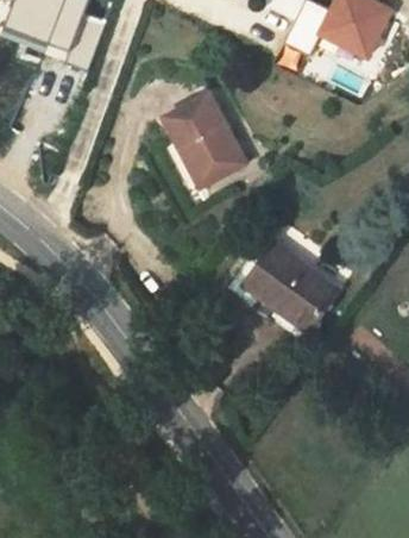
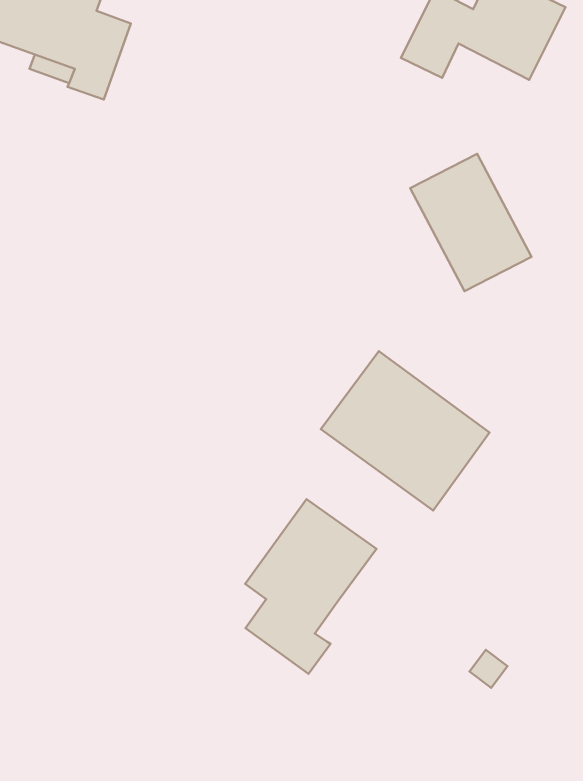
building: [165,95,245,186] -> [410,154,532,291]
building: none -> [245,499,376,674]

